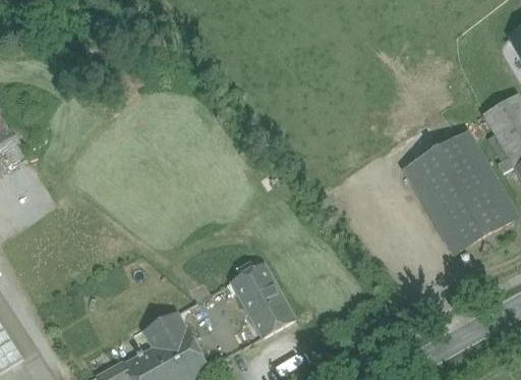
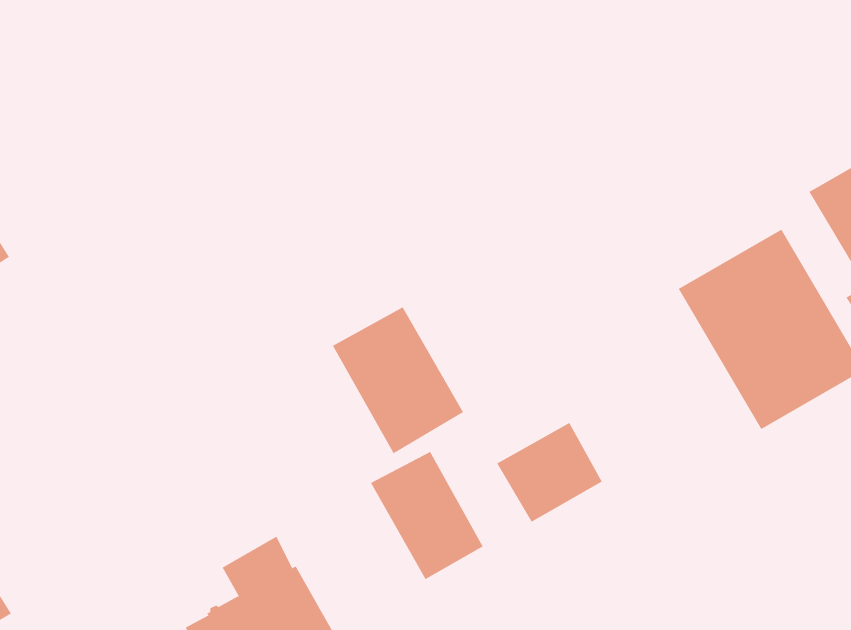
building: none -> [332,306,464,454]
building: none -> [496,422,602,523]

